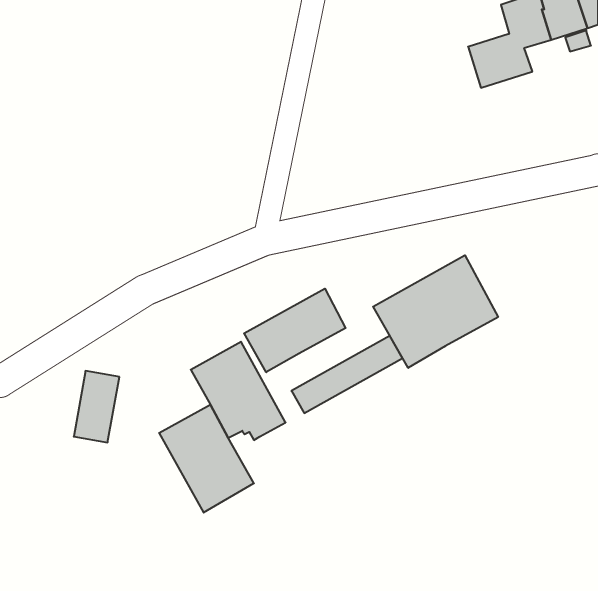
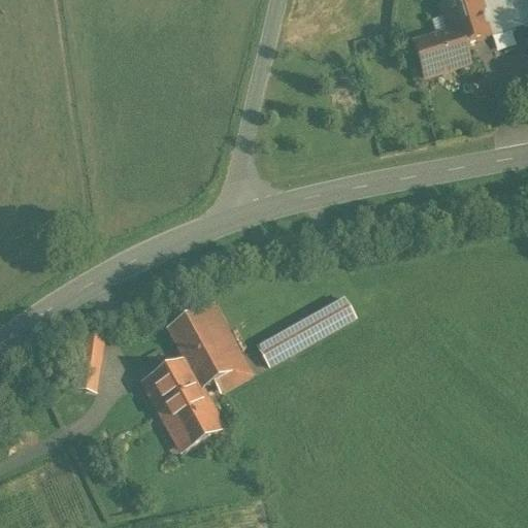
building: [373,255,498,368] -> none
building: [244,289,346,372] -> none

